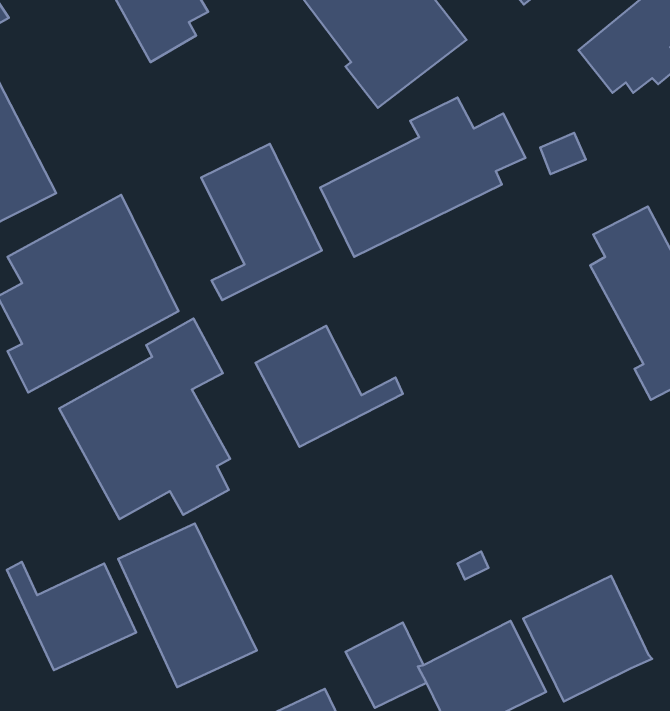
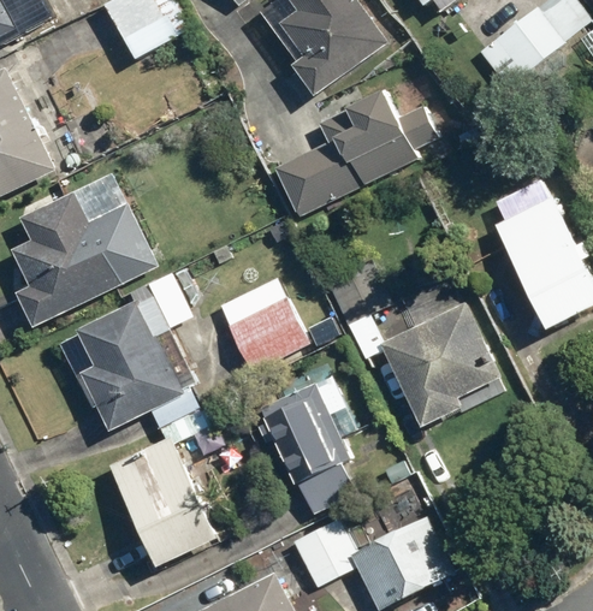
building: [201,144,322,300] -> none
building: none -> [348,299,503,427]
building: none -> [255,375,356,520]
building: [7,562,136,670] -> none
building: [523,576,652,702] -> none

